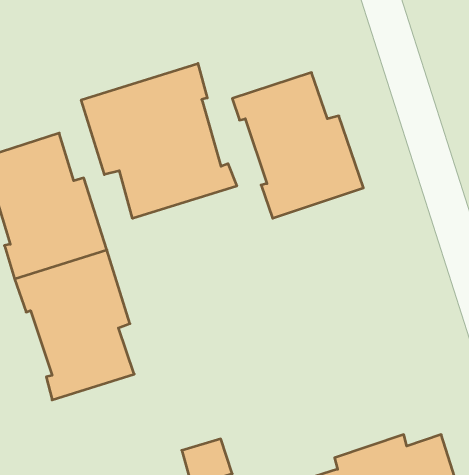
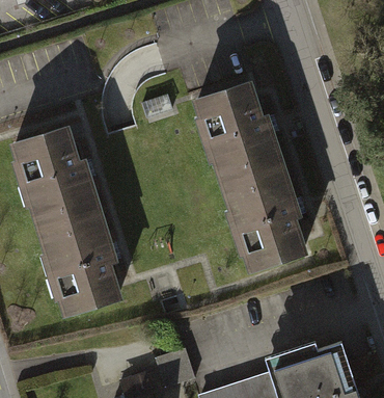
building: [81,63,237,218] -> none
building: none -> [221,167,308,275]

